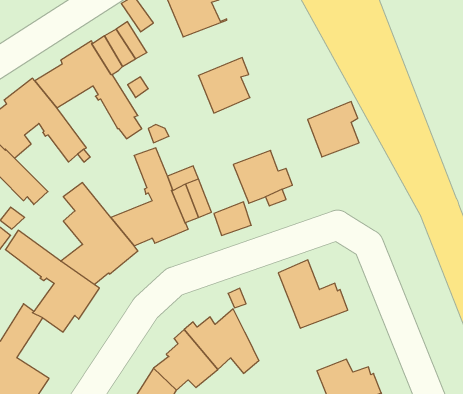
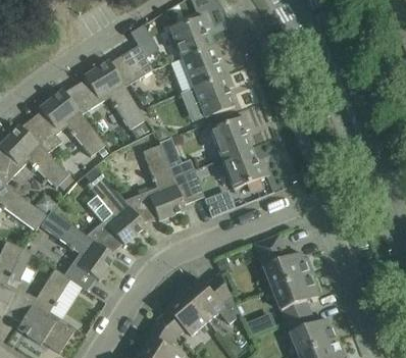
building: none -> [182,44,229,88]
building: [308,102,359,157] -> [210,114,251,158]
building: none -> [274,273,319,321]

